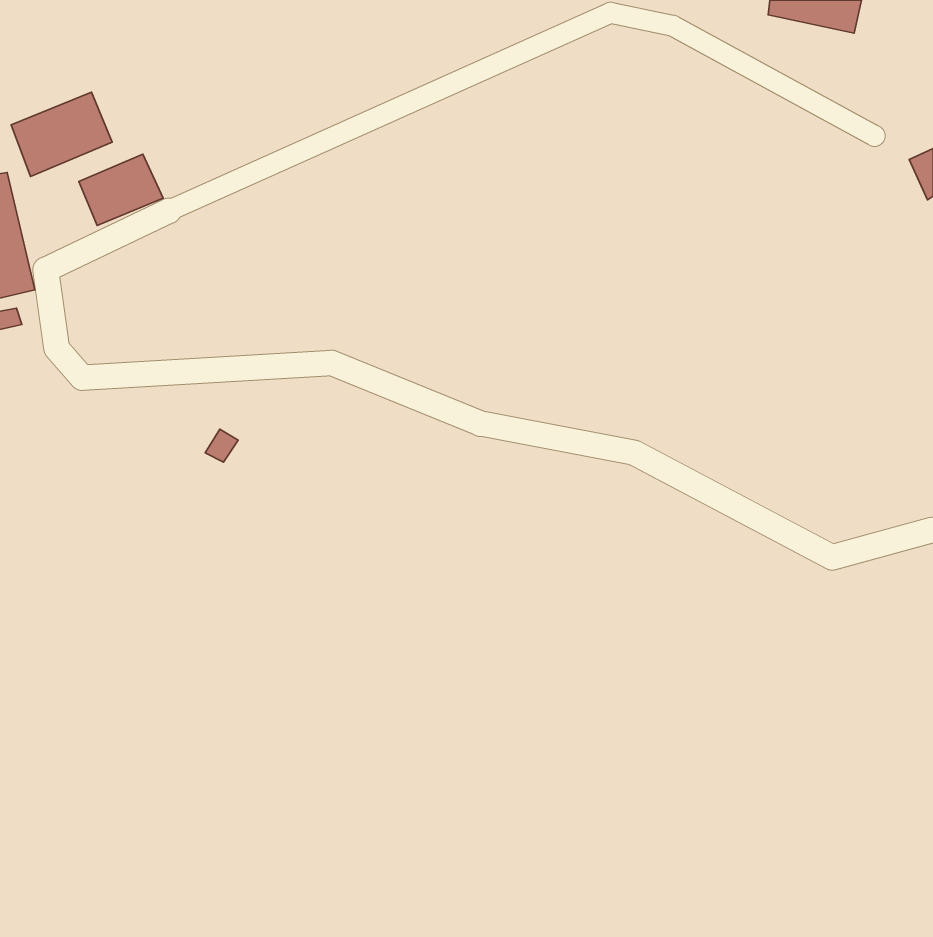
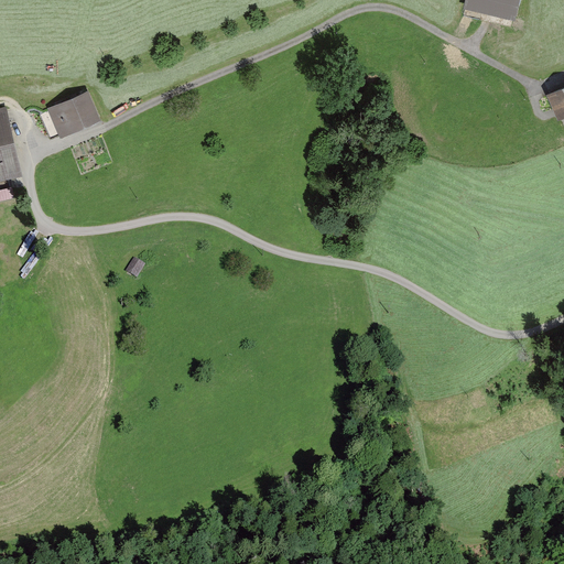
building: [11,92,112,176] -> none

